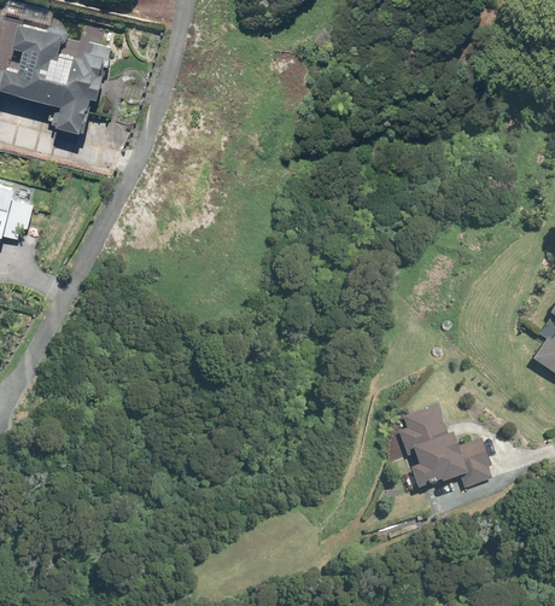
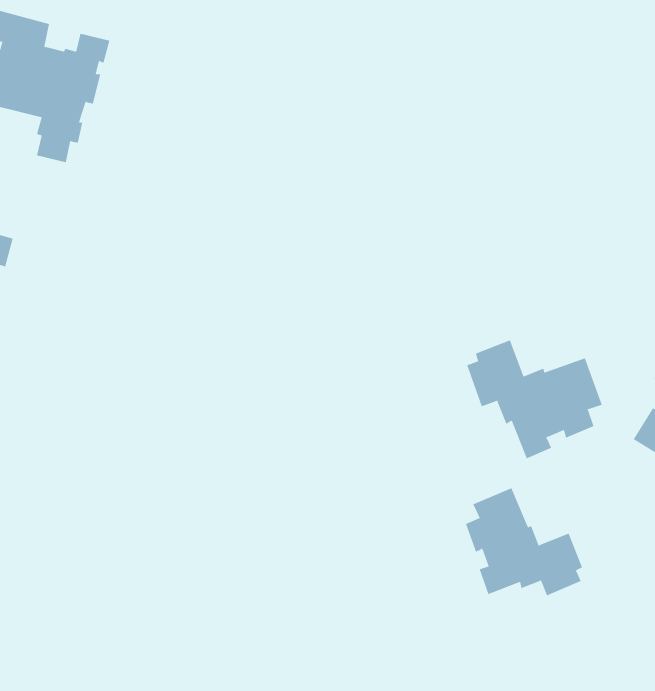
building: none -> [466,340,603,459]

